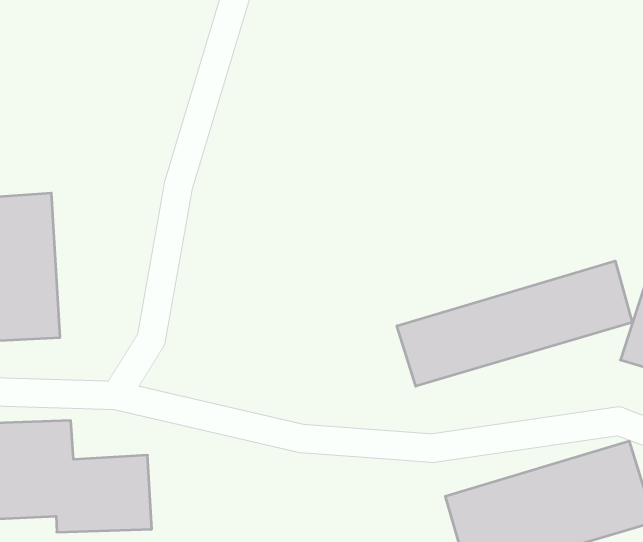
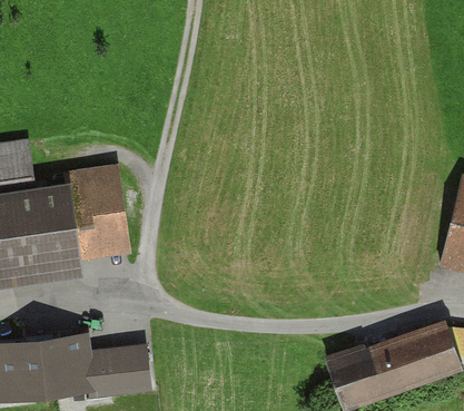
building: none -> [76,166,131,264]
building: [397,261,632,386] -> none

